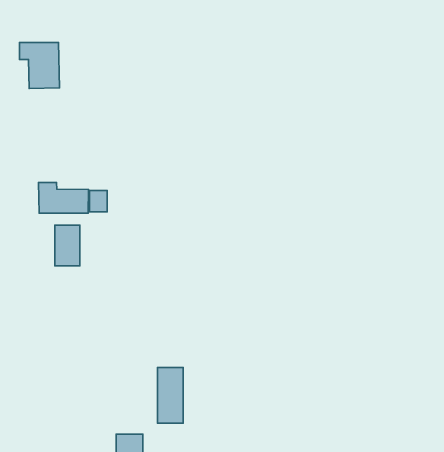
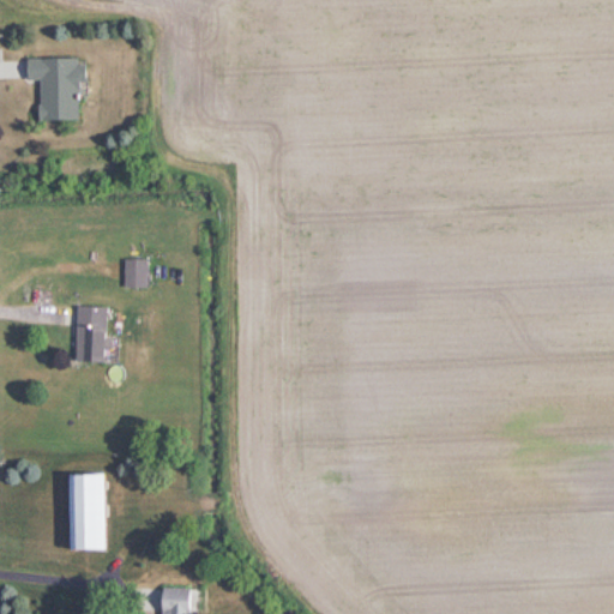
building: [38,182,89,213] -> none
building: [158,367,183,423] -> [72,475,107,550]

